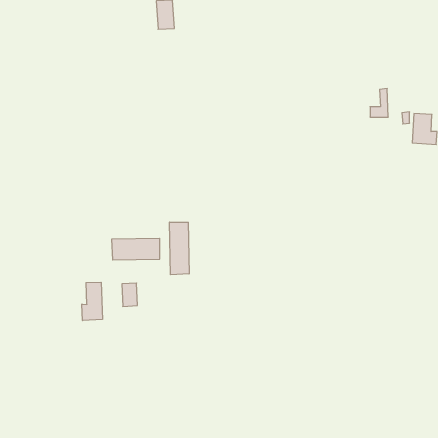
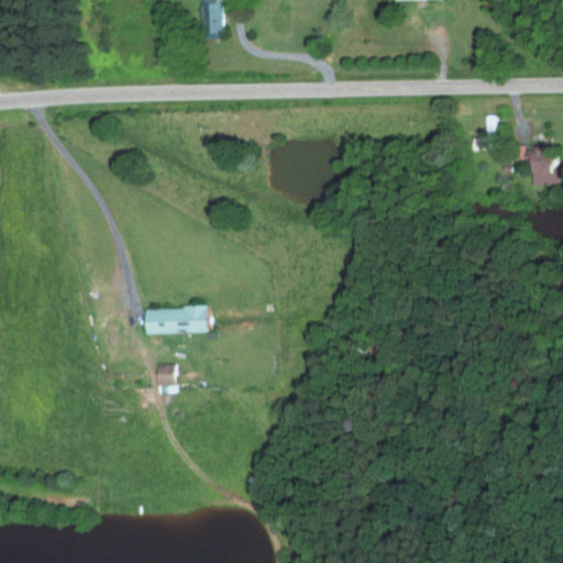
building: [170,222,189,275] -> none
building: [82,282,102,321] -> none

